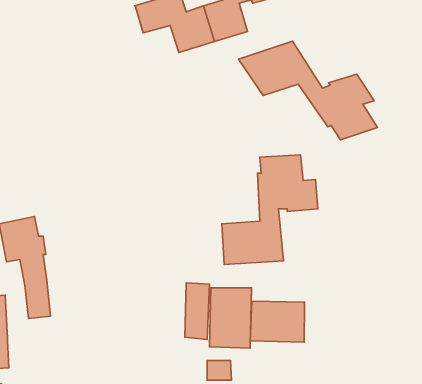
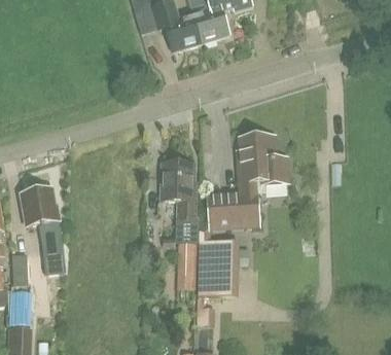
building: [239,41,378,140] -> none
building: none -> [161,162,194,219]
building: [250,301,305,342] -> none

